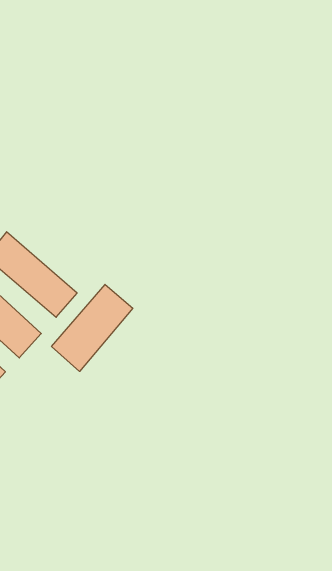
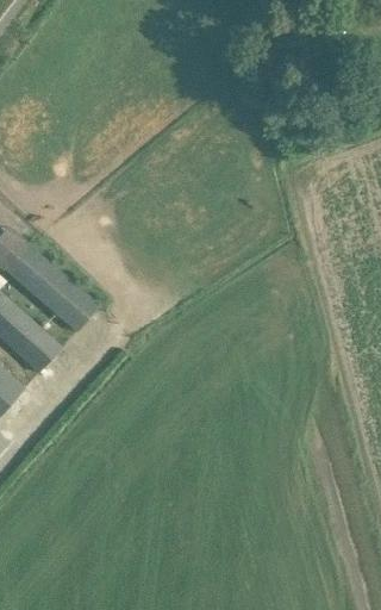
building: [52,284,133,371] -> none

